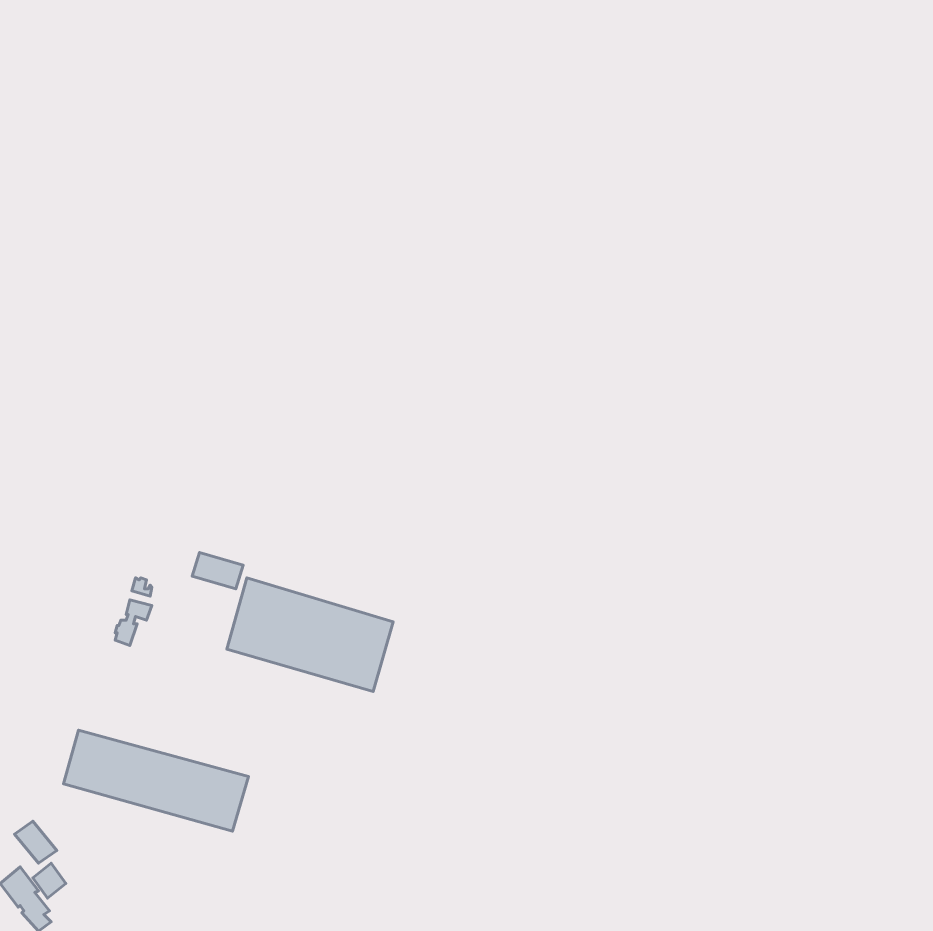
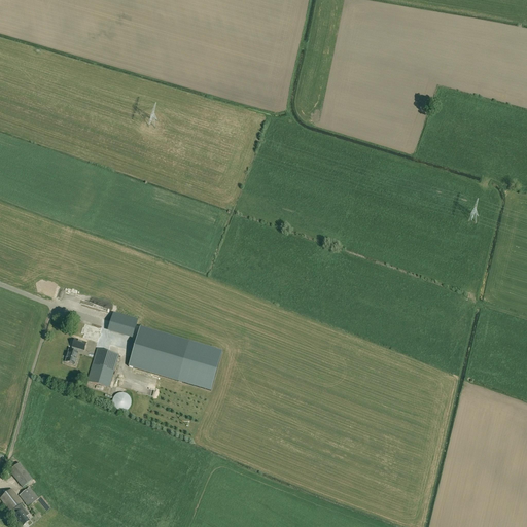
building: none -> [86,347,118,386]
building: [64,730,248,831] -> none

